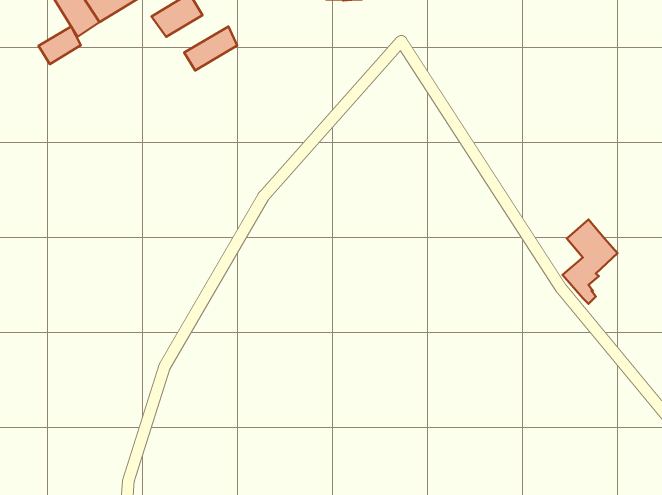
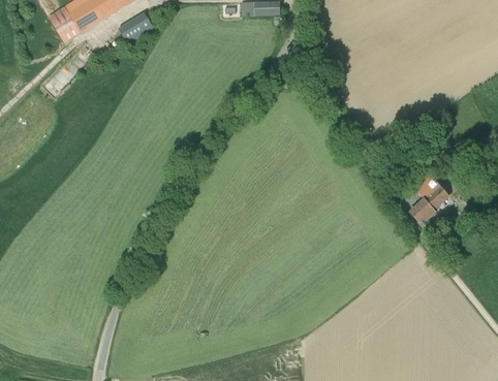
building: [38,26,81,64] -> none
building: [184,27,237,71] -> none

